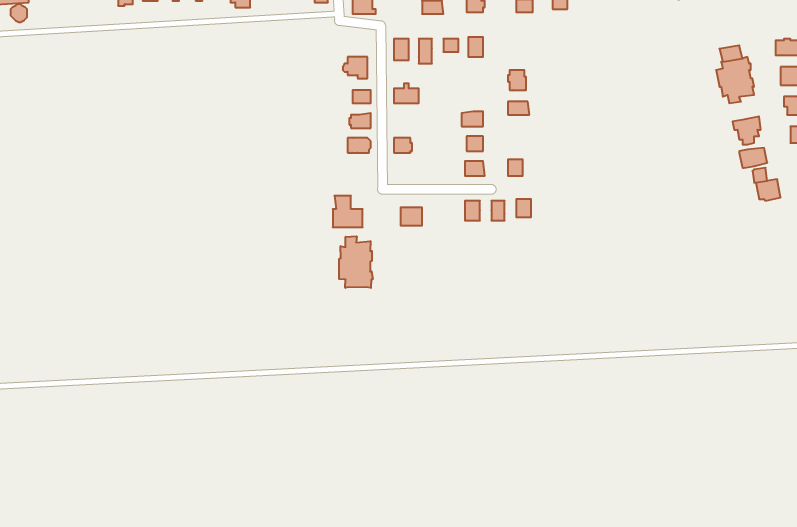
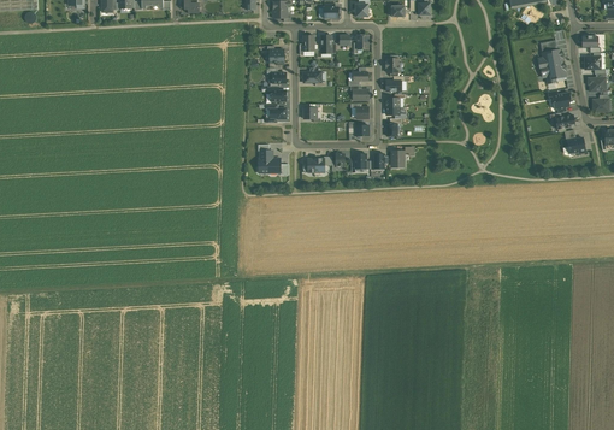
building: [339,236,373,288] -> none

